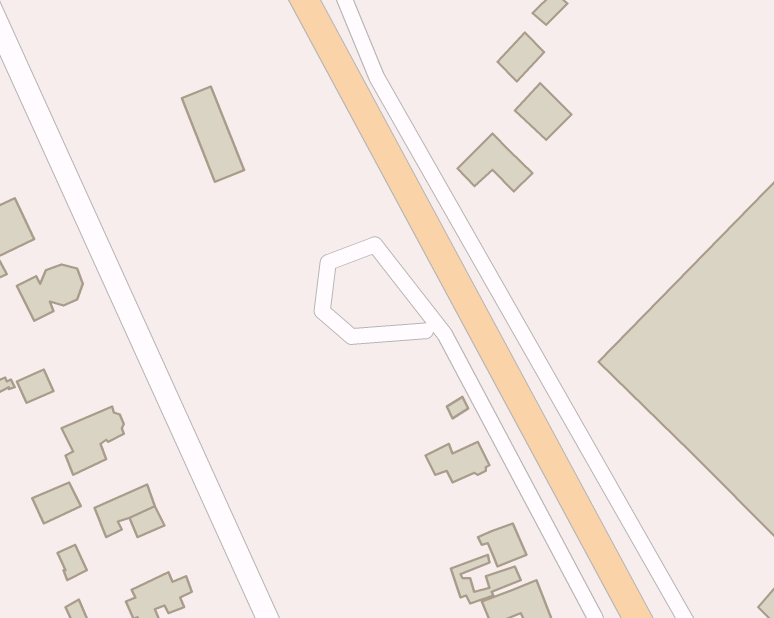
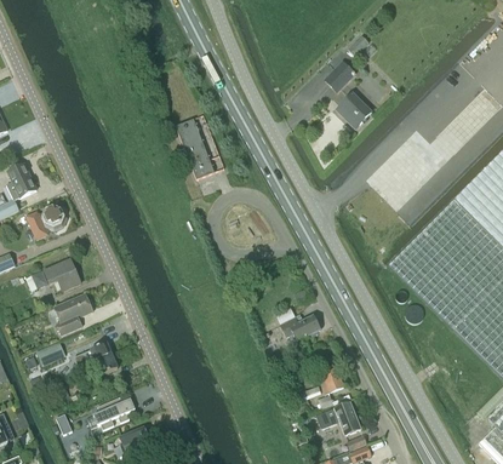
building: [182,87,244,182] -> [176,119,215,178]
building: [458,133,532,191] -> none
building: none -> [44,258,80,291]

